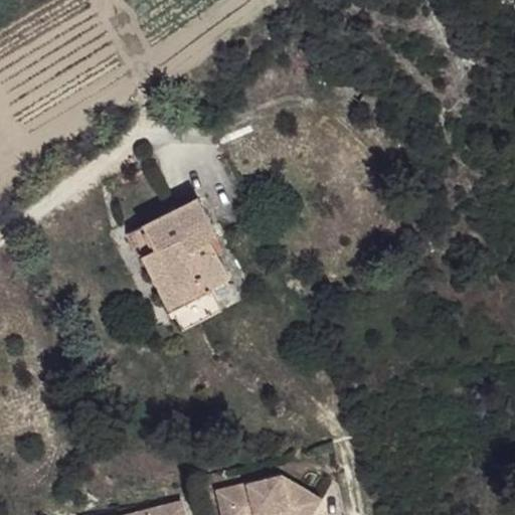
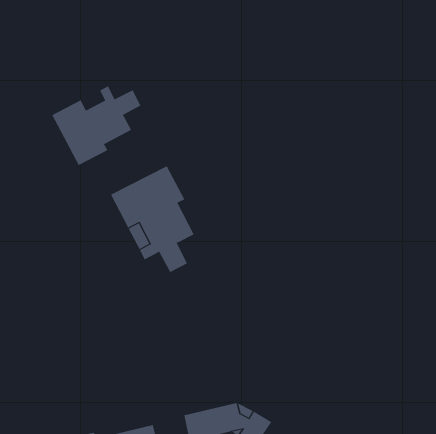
building: none -> [51,85,141,166]

